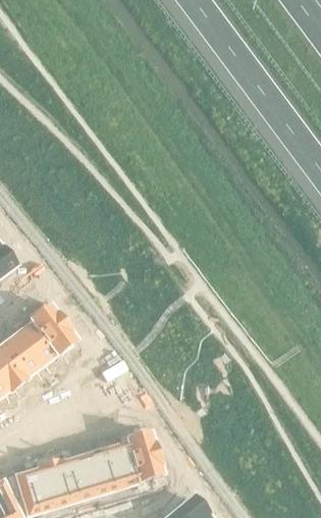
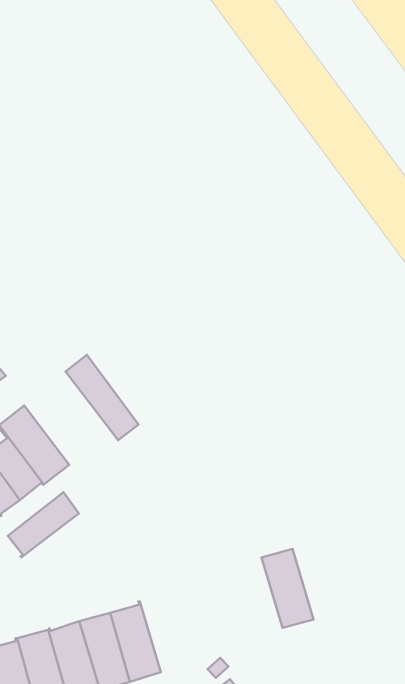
building: none -> [66,355,139,440]
building: none -> [8,492,79,557]
building: [127,433,165,490] -> [261,549,314,628]

